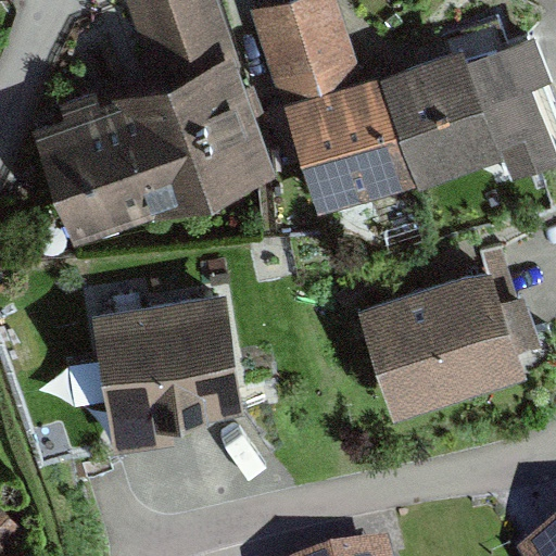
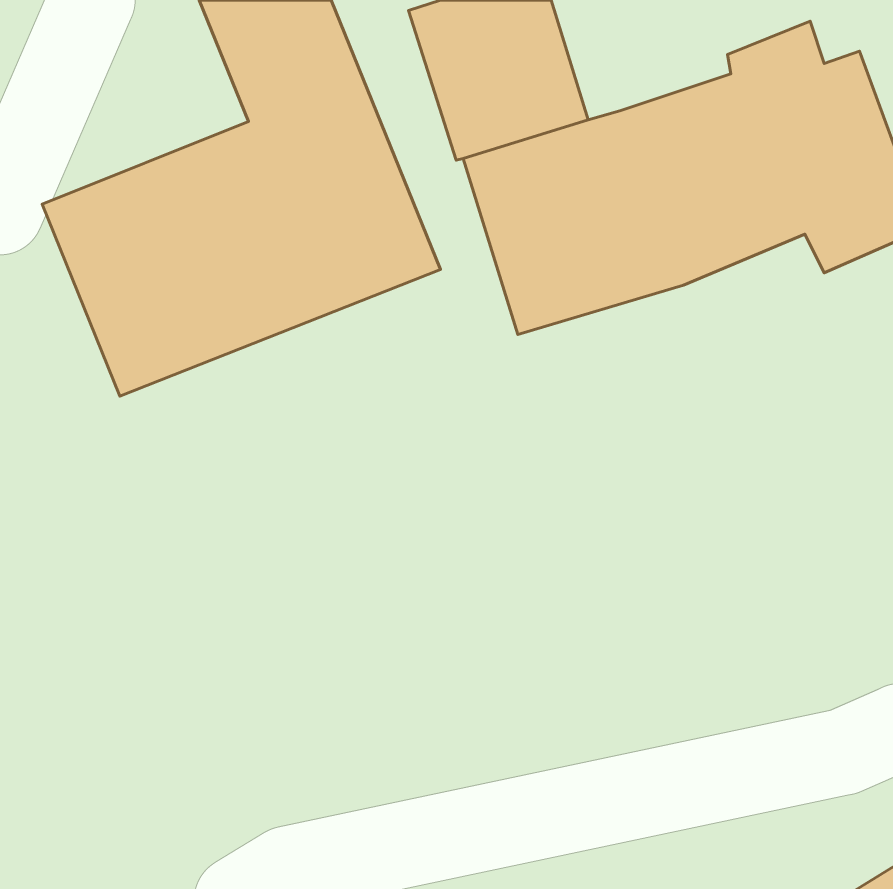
building: [357,270,521,419] -> none
building: [92,300,236,427] -> none

